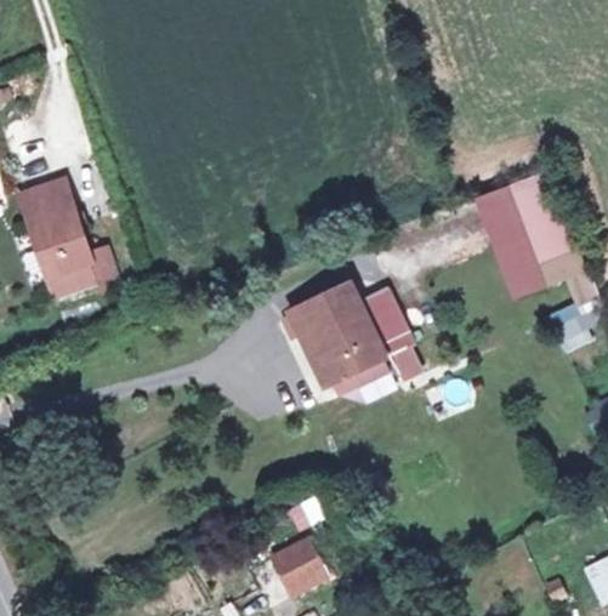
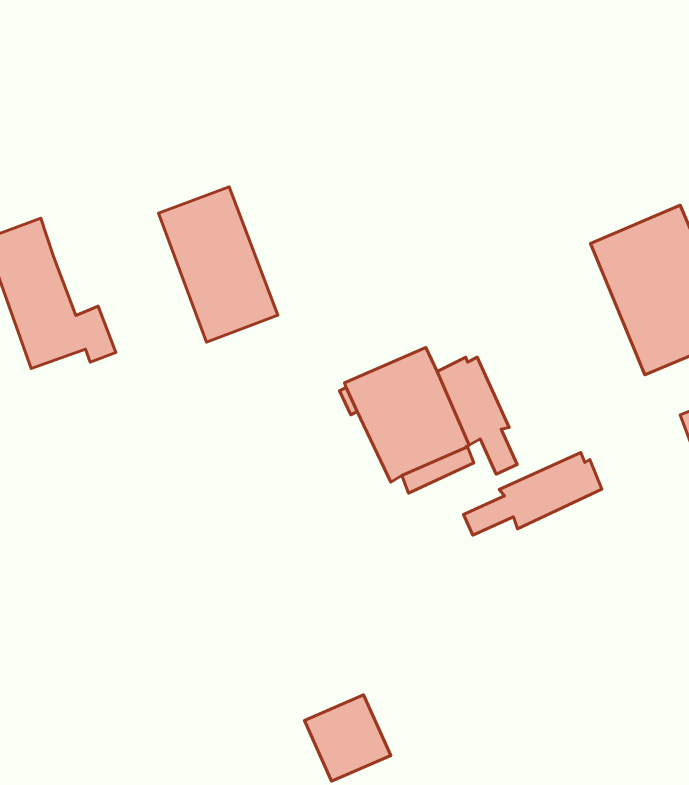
building: none -> [159,187,278,342]
building: none -> [463,452,602,535]

